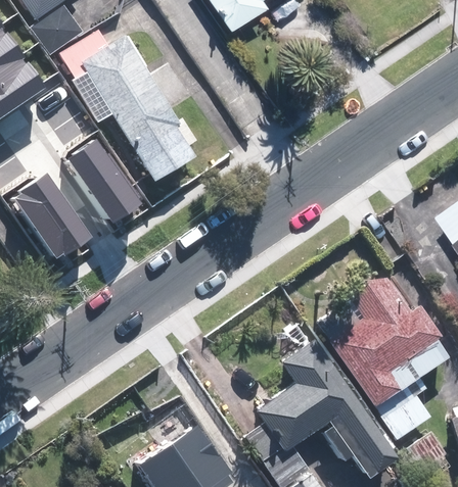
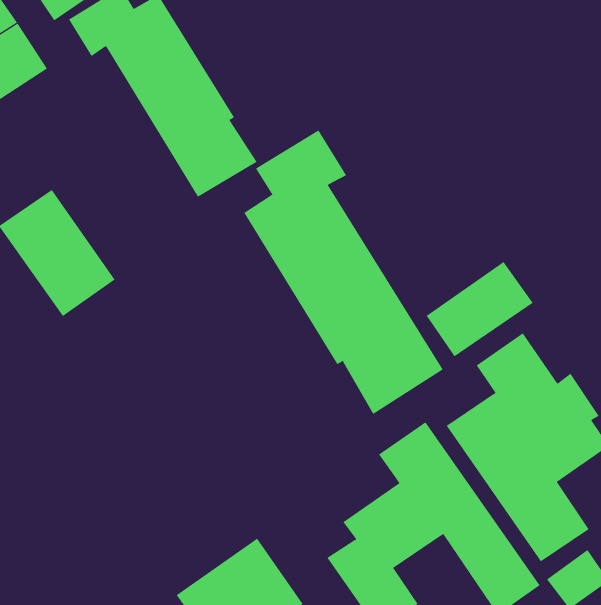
building: none -> [243,129,444,415]
building: [67,142,146,230] -> none
building: none -> [426,261,534,357]

